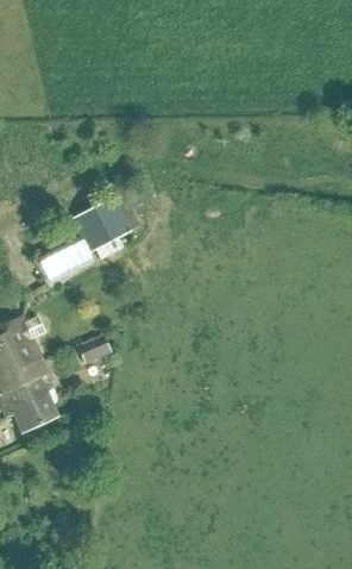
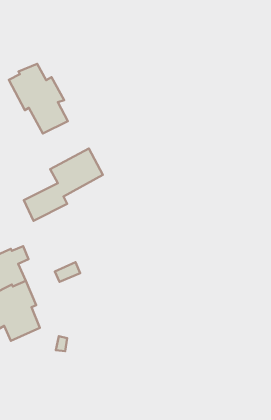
building: none -> [9,64,68,133]

